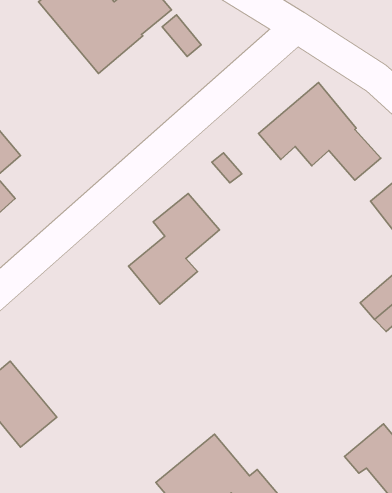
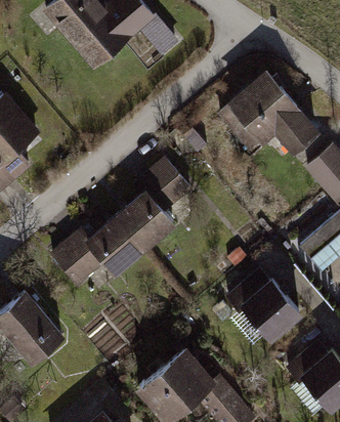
building: none -> [53,218,142,284]
building: none -> [228,270,299,337]

